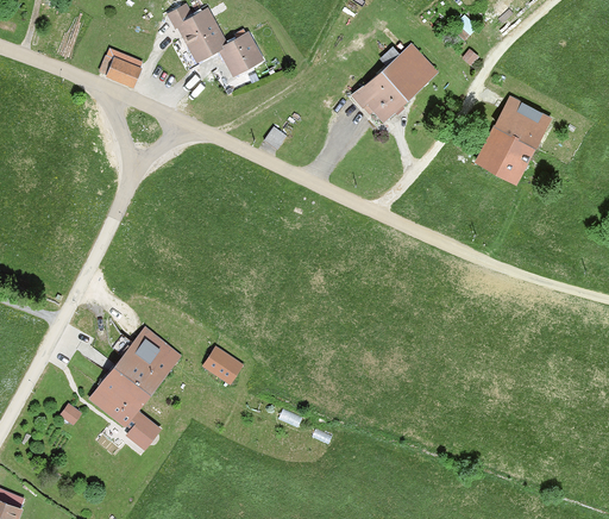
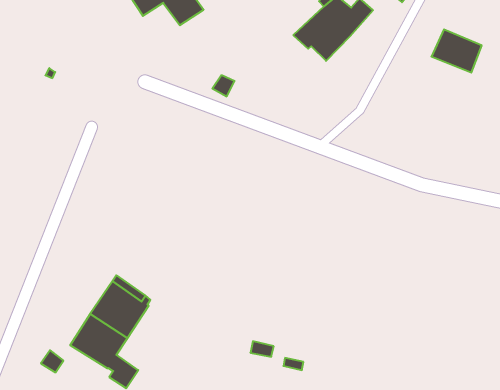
building: [99,58,139,86] -> none
building: [476,127,534,182] -> none
building: [201,350,238,382] -> none

